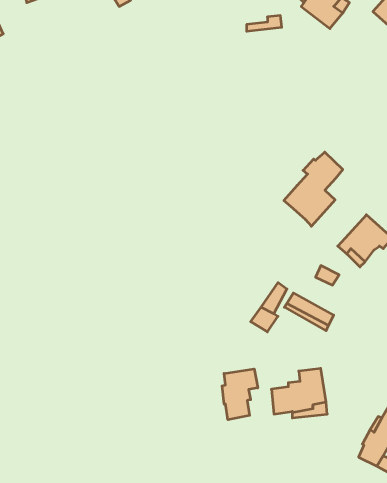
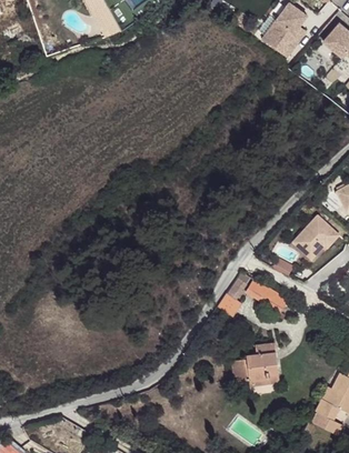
building: [284,152,343,226] -> none
building: [222,369,258,420] -> none

